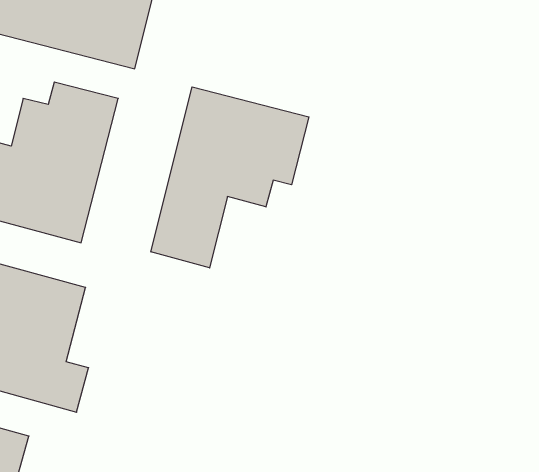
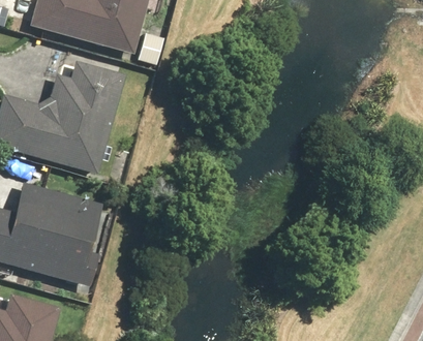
building: [151,87,309,268] -> none

